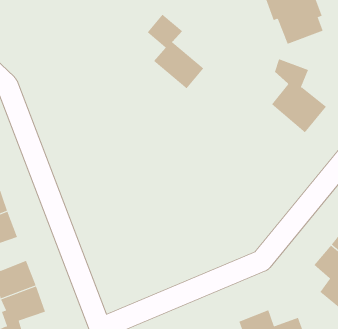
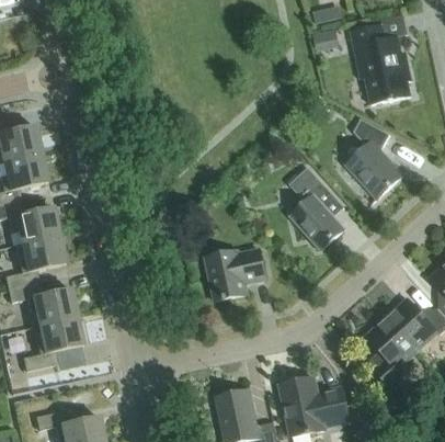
building: [147,14,204,89] -> [289,167,343,248]
building: none -> [206,248,266,301]

